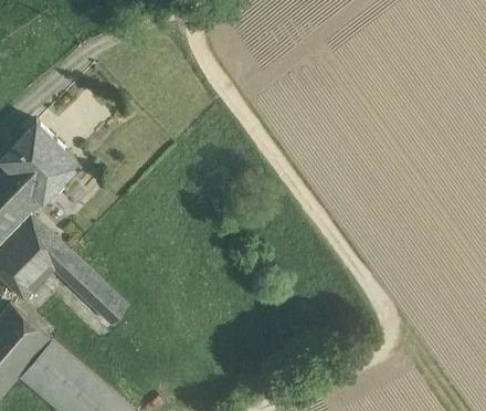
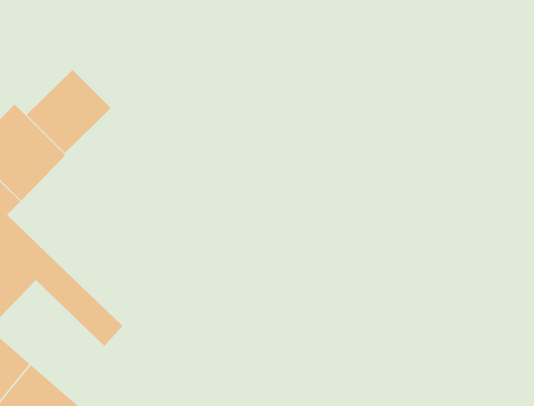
building: none -> [26,69,111,154]

